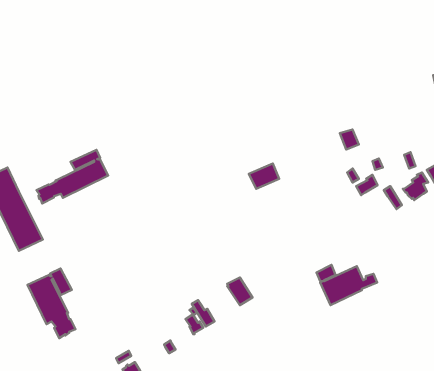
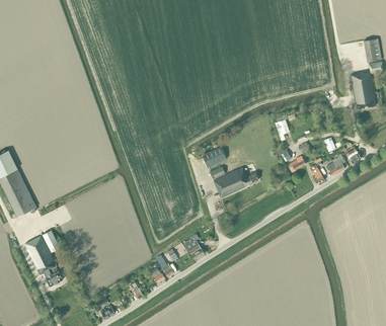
building: [37,150,108,203] -> none
building: [316,265,377,305] -> [210,166,258,198]

